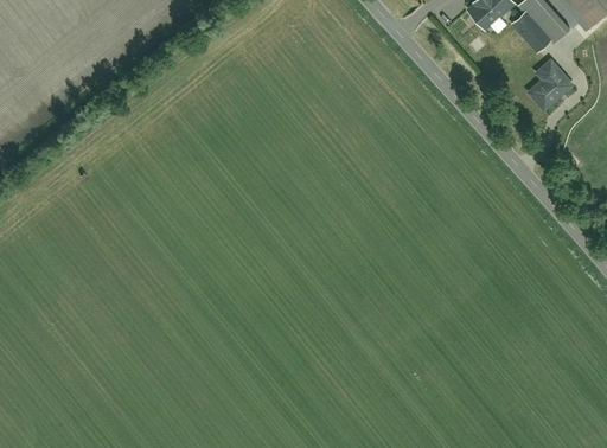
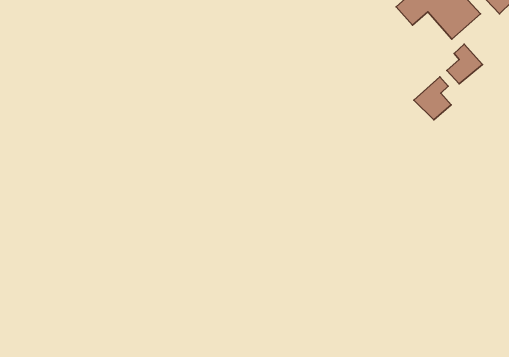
building: none -> [414,77,451,120]

